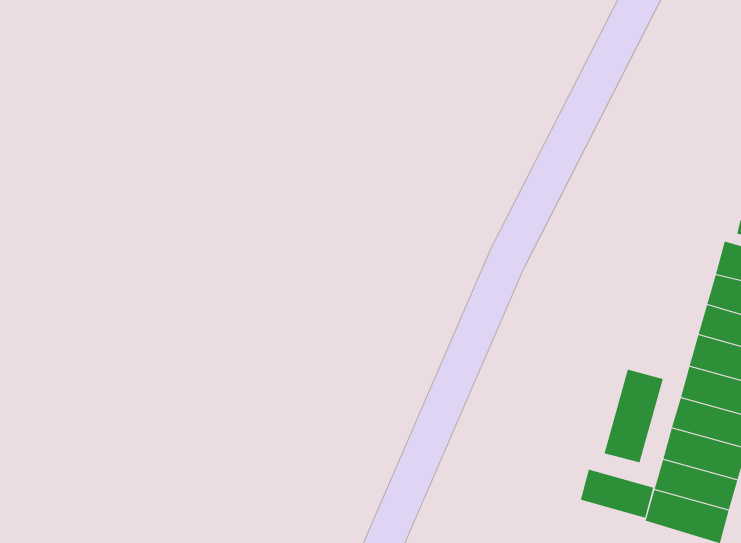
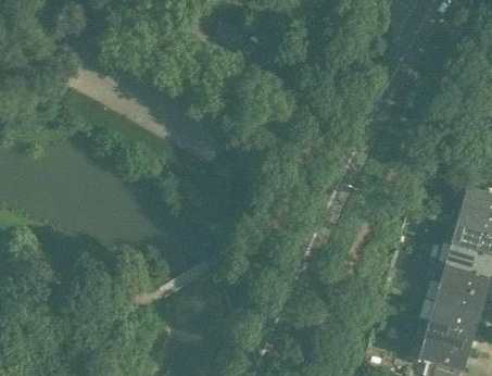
building: [604,369,664,463] -> none
building: [580,469,654,519] -> none

